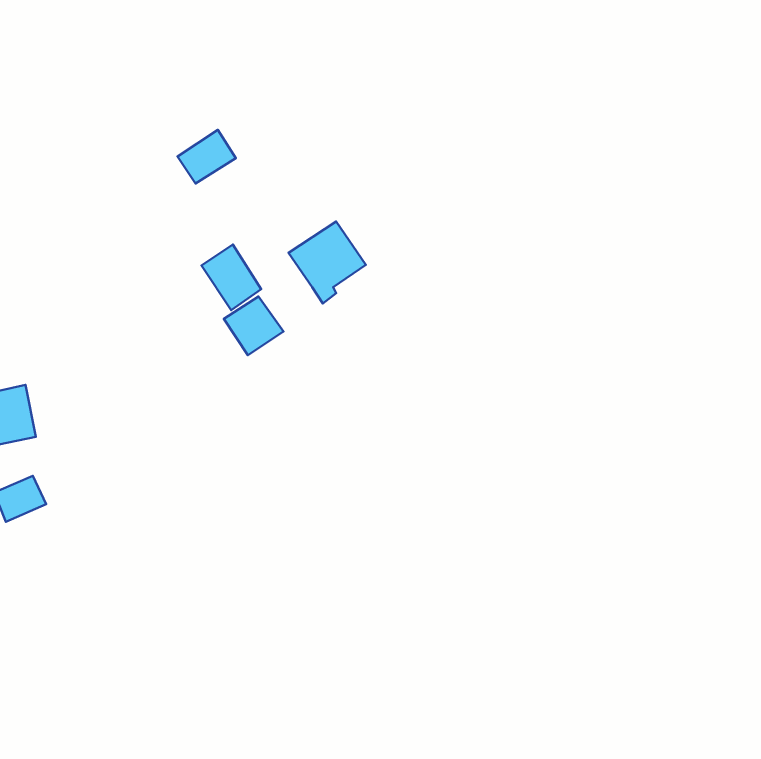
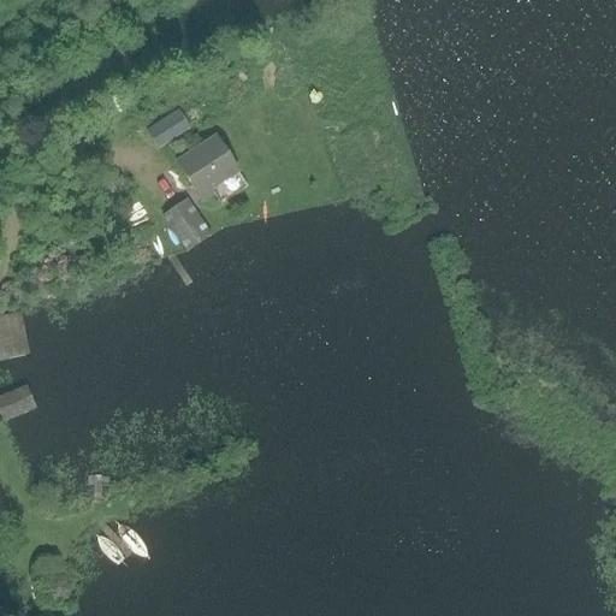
building: [288,222,366,304] -> [177,132,239,199]
building: [224,296,283,355] -> none

